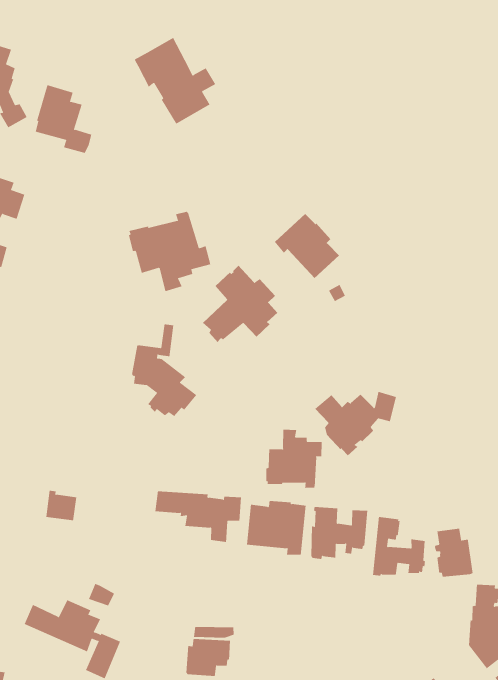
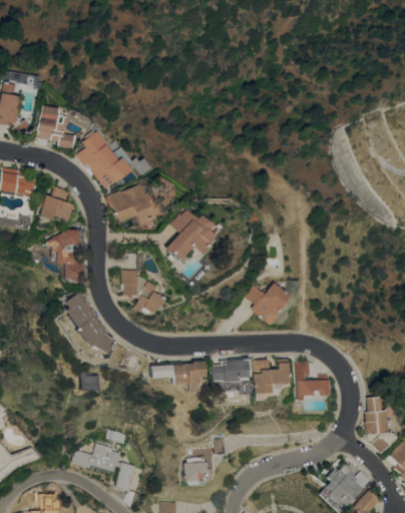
building: [134,37,216,125] -> [73,131,129,188]
building: none -> [40,186,77,222]
building: [274,213,340,279] -> none
building: none -> [45,229,86,282]
building: none -> [64,292,114,354]
building: [266,429,322,489] -> none
building: [435,528,473,577] -> none

